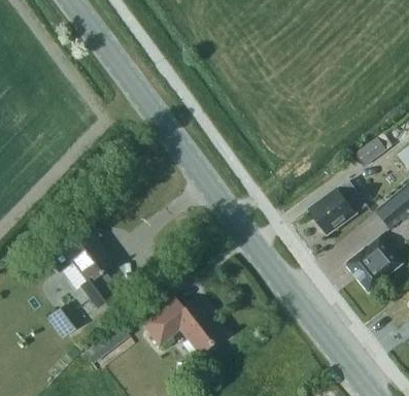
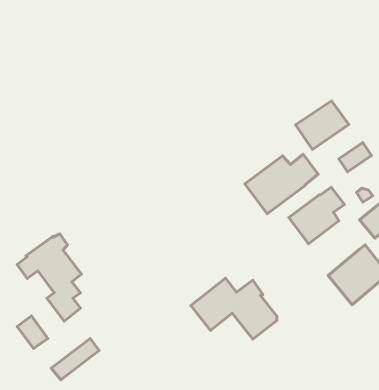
building: none -> [295,101,349,149]
building: none -> [245,154,318,214]
building: [139,296,220,354] -> [191,278,277,339]

